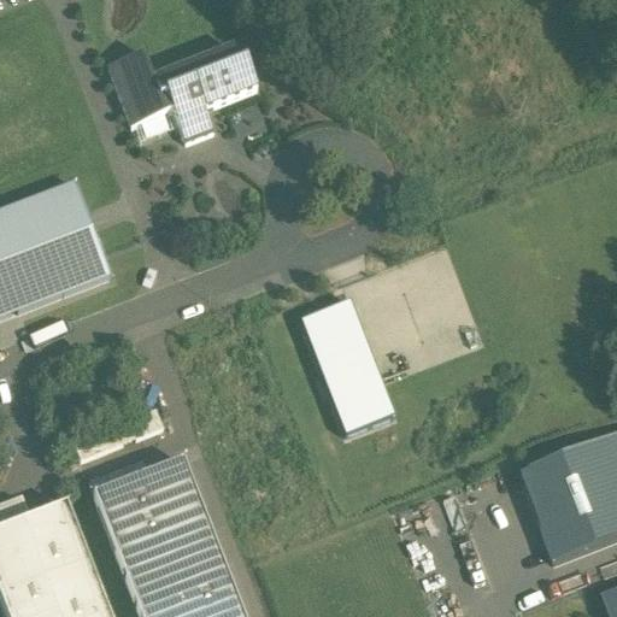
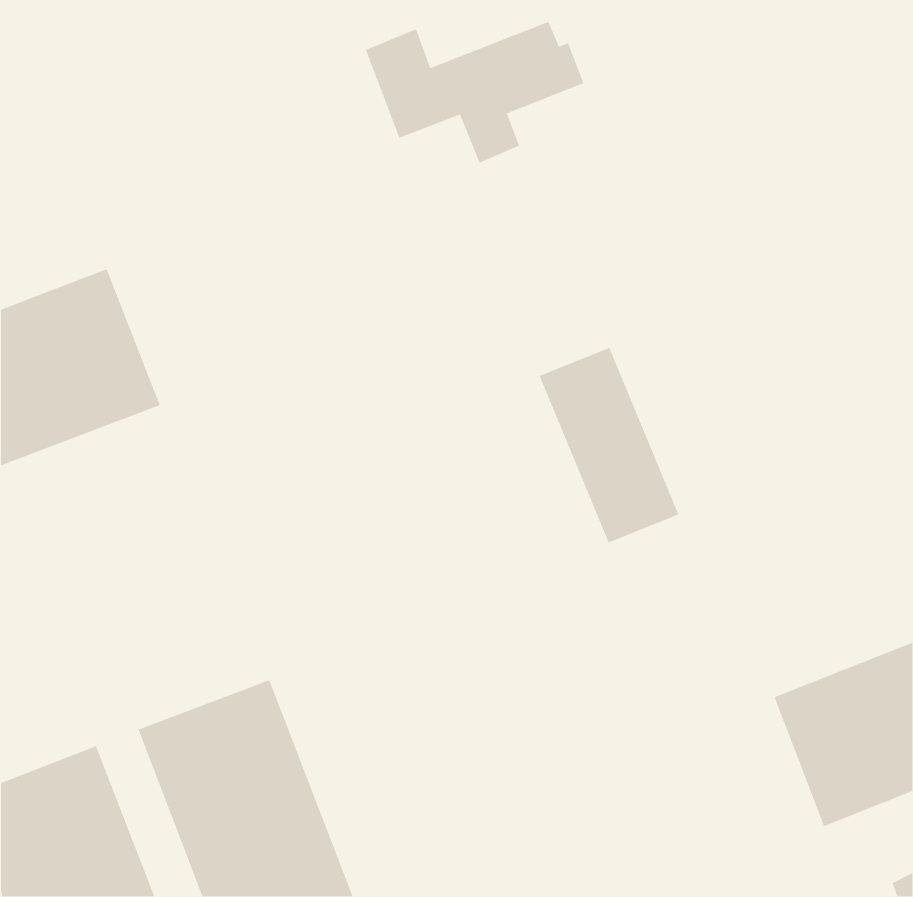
building: [107,43,255,140] -> [365,21,585,164]
building: [299,299,394,431] -> [539,347,680,544]

